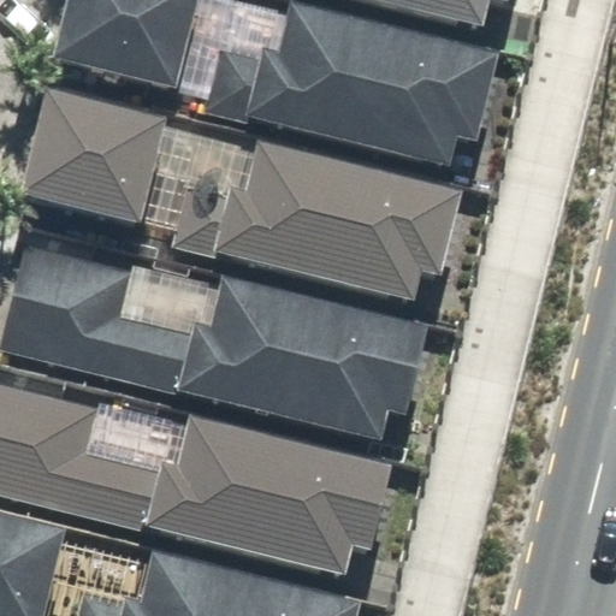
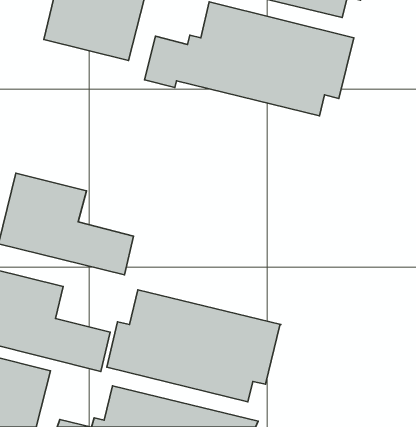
building: [30,90,174,223] -> none
building: [172,141,472,302] -> none
building: [186,280,437,440] -> none

